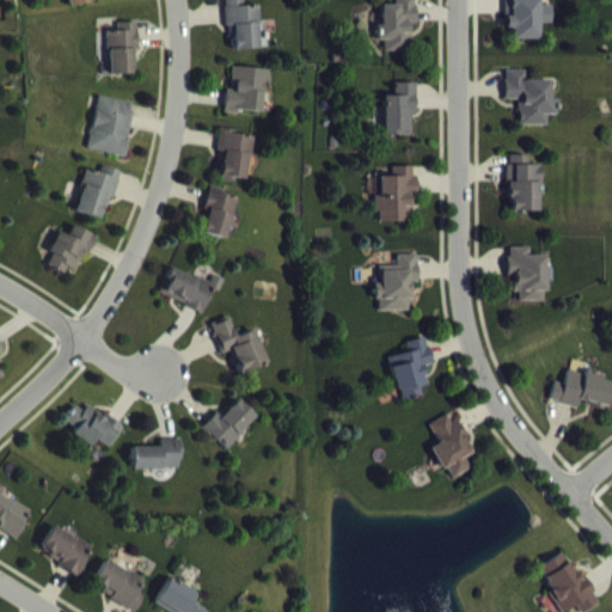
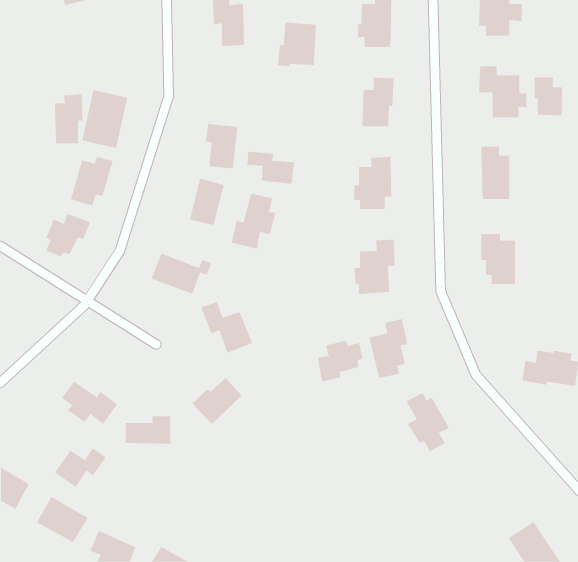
building: [108,20,139,73] -> [54,94,84,144]
building: [225,66,267,112] -> [277,22,317,66]
building: none -> [534,77,562,116]
building: none -> [247,151,294,185]
building: none -> [231,193,276,250]
building: none -> [317,340,363,382]
building: none -> [54,448,107,488]

